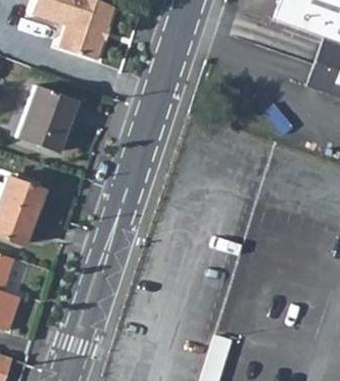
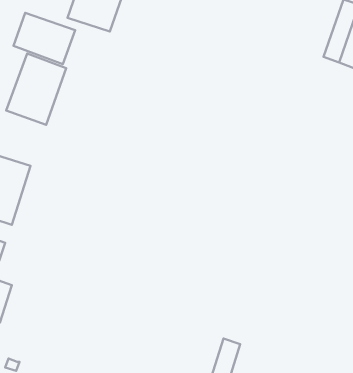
building: none -> [14,13,75,64]

